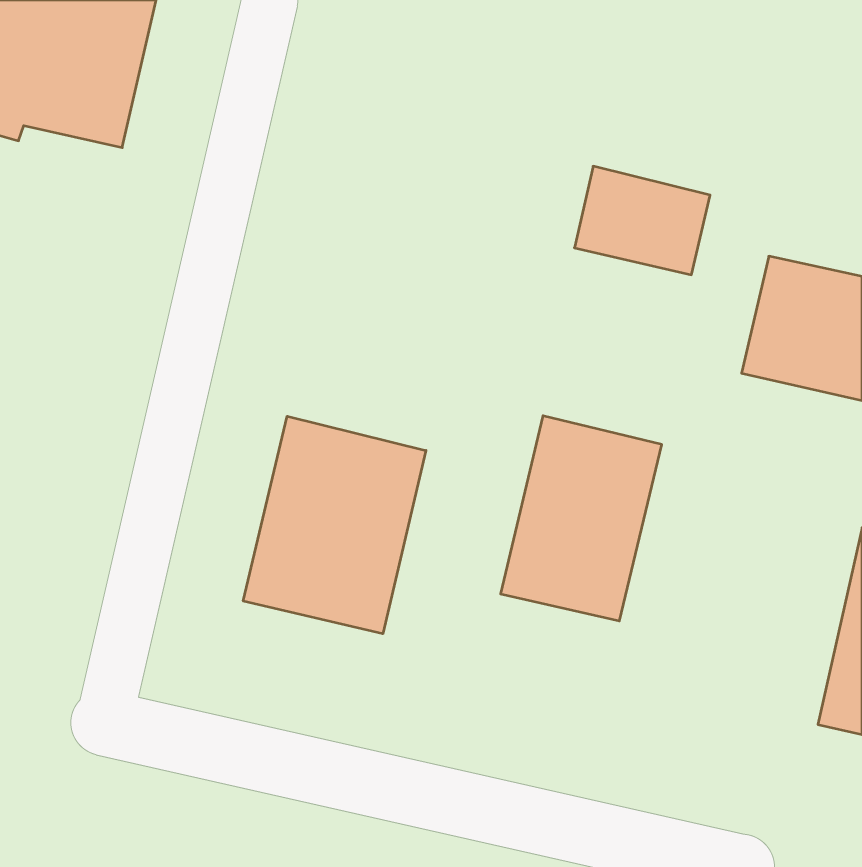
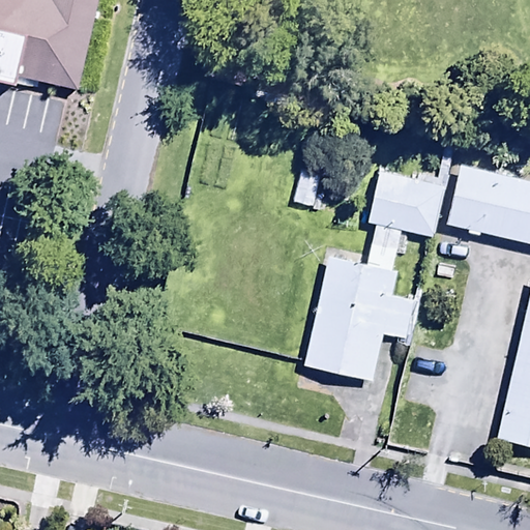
building: [574,166,710,275] -> [370,170,452,236]
building: [243,416,426,634] -> none

